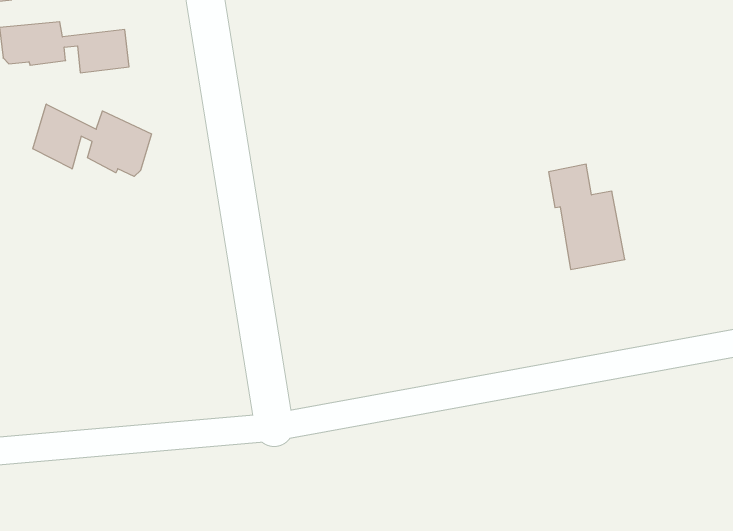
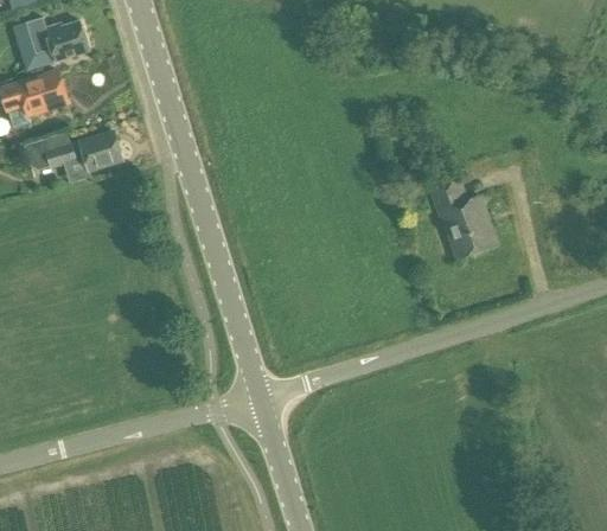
building: [33,104,151,176] -> none

